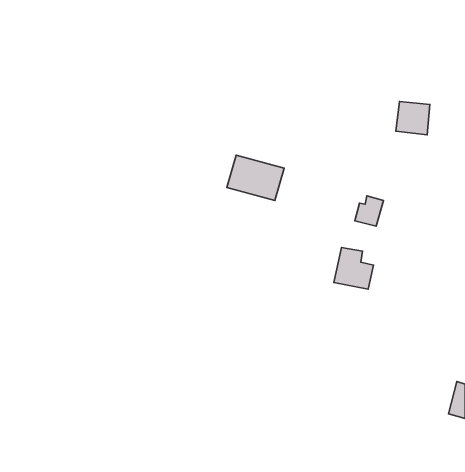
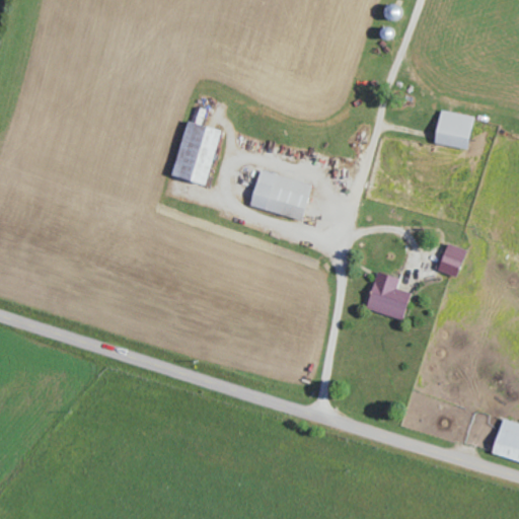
building: none -> [171,119,223,184]
building: [355,196,384,226] -> [433,243,464,277]

